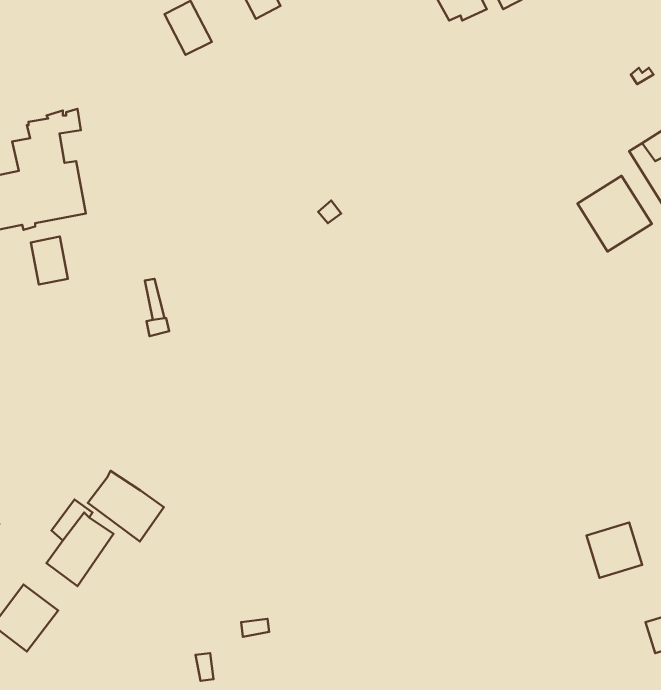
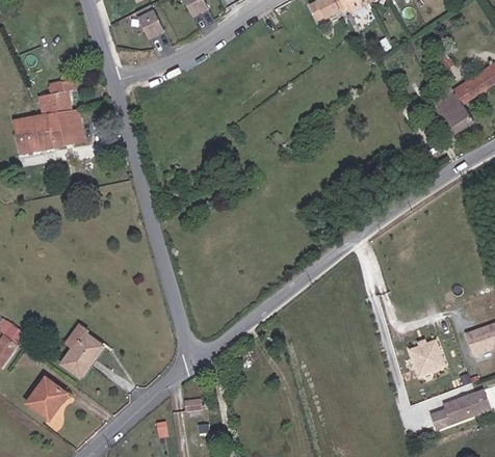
building: [577,176,652,252] -> none
building: [31,236,68,285] -> none
building: [88,471,164,541] -> none

